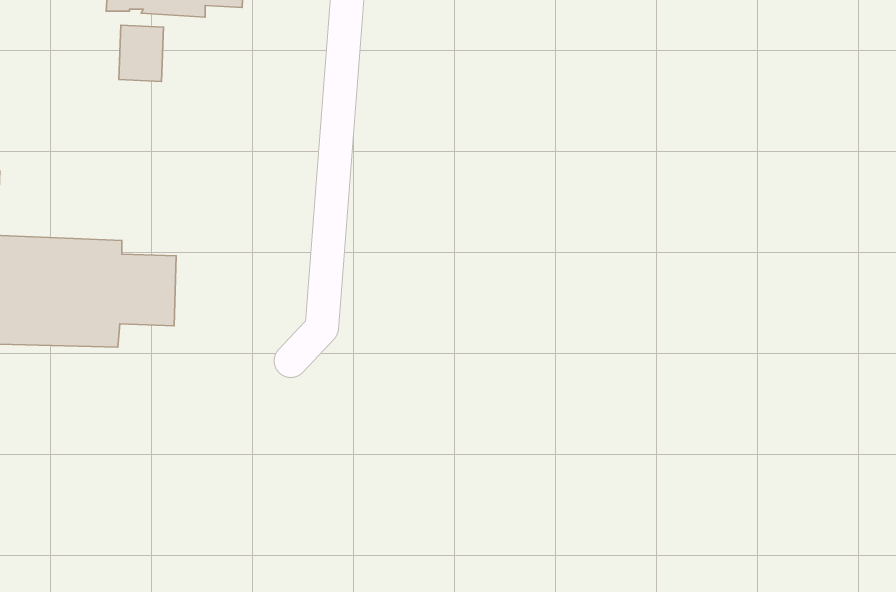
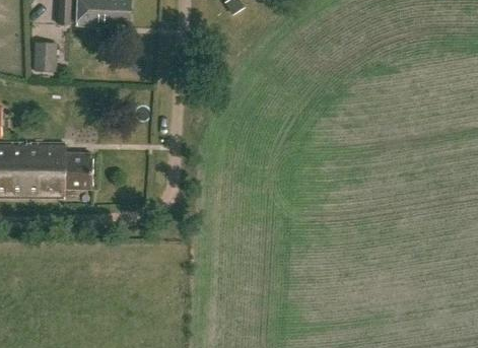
building: [119,25,163,81] -> [32,43,56,72]

